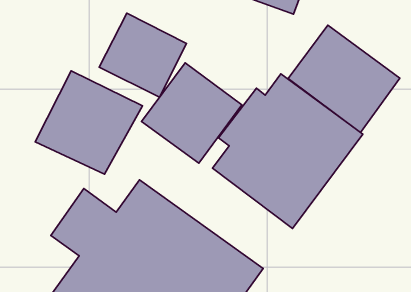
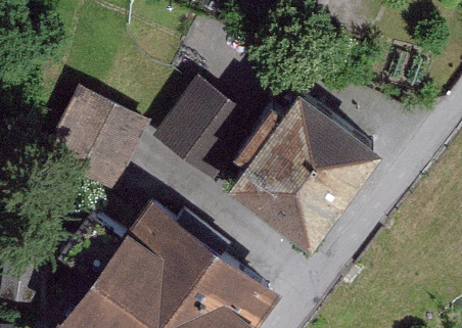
building: [99,13,186,97] -> none
building: [288,25,400,133] -> none

